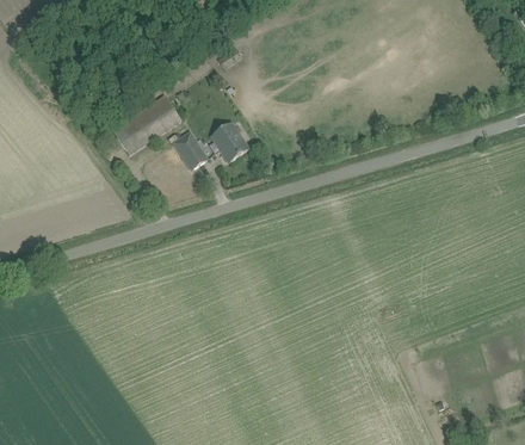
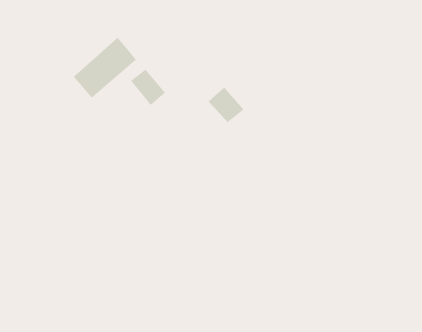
building: [210,122,247,160] -> [208,87,244,123]

